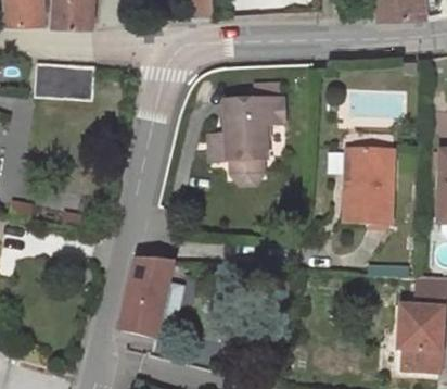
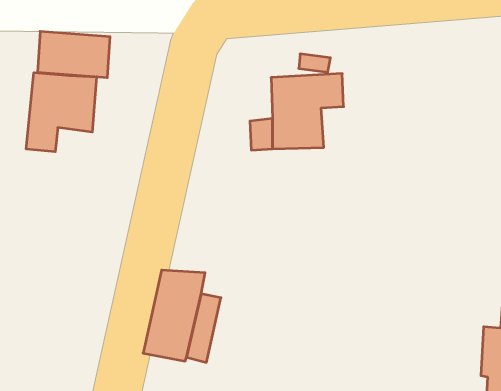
building: none -> [26,73,97,152]
building: [345,150,394,222] -> none

